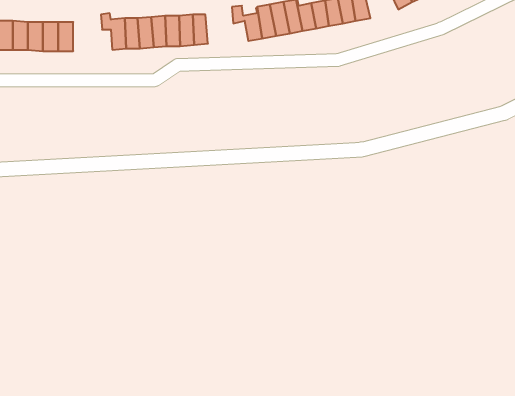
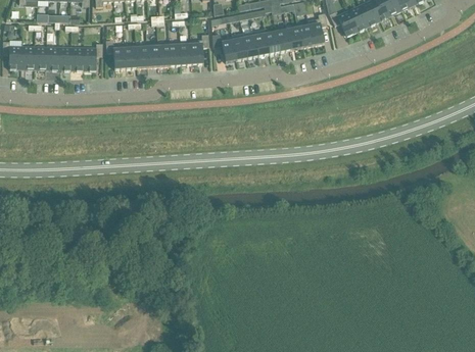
building: none -> [190,35,209,64]
building: none -> [83,43,102,70]

